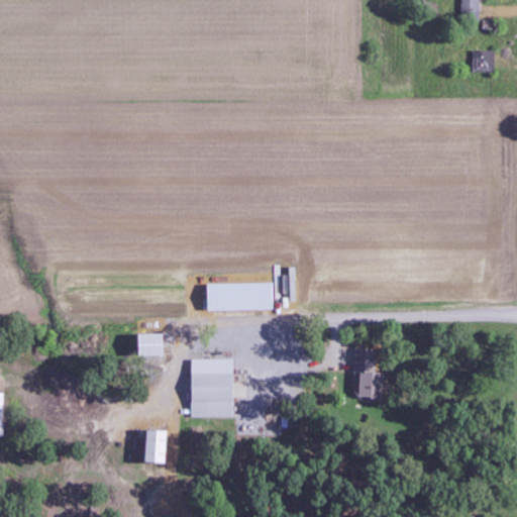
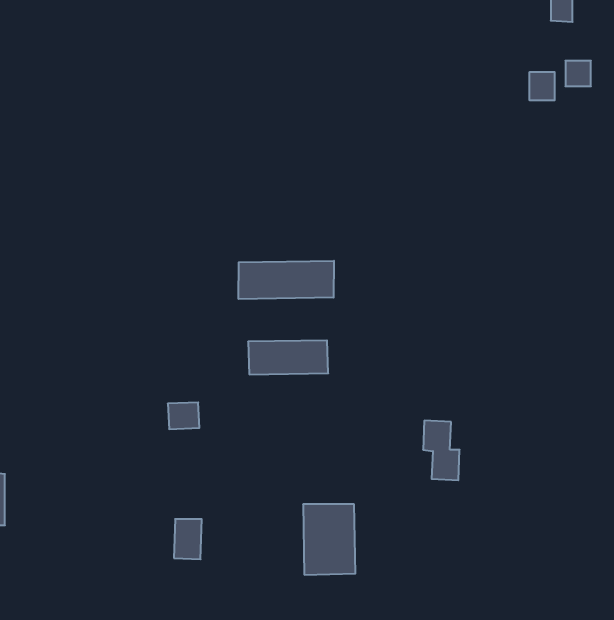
building: none -> [530,72,555,100]
building: none -> [239,261,334,299]
building: [189,359,232,418] -> [303,504,355,575]

